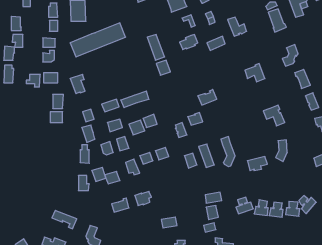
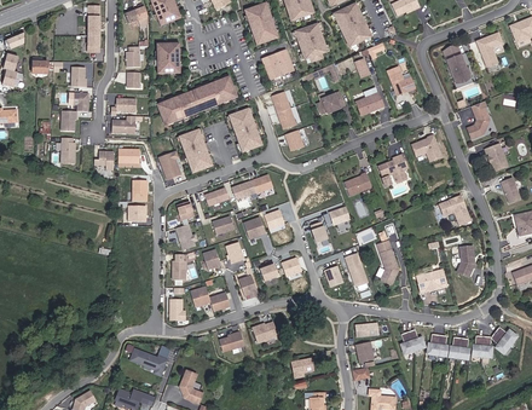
building: none -> [261,48,295,80]
building: none -> [226,106,261,152]
building: none -> [178,128,212,172]
building: none -> [378,154,407,185]

